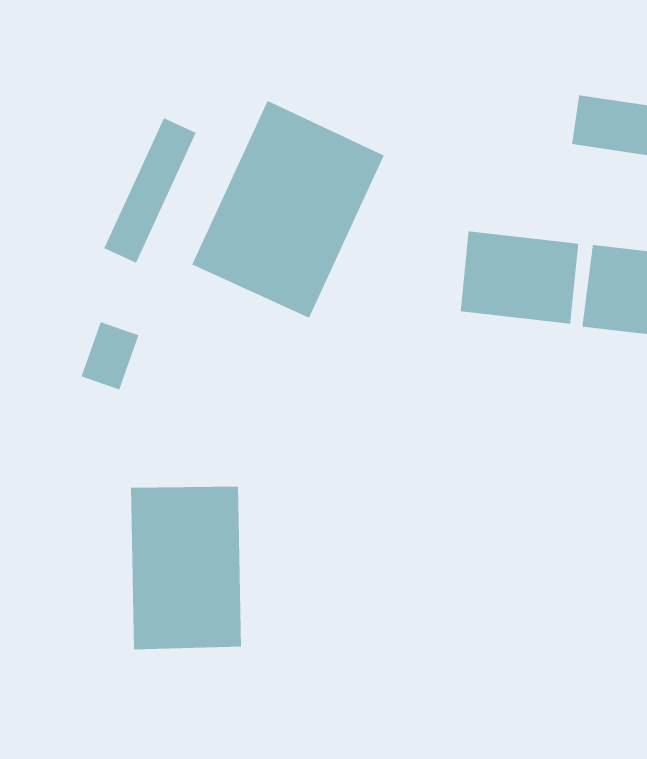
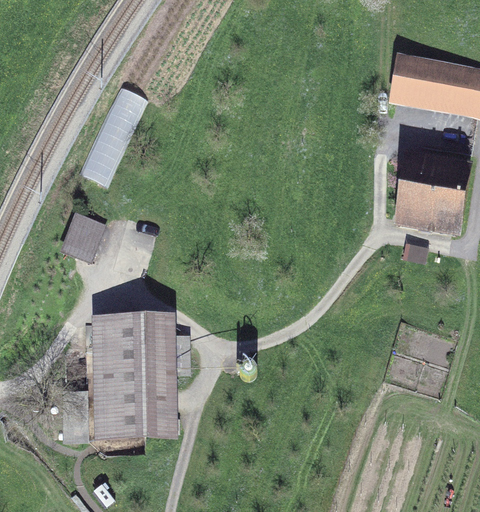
building: [191,100,385,319] -> none
building: [460,230,579,324] -> none

